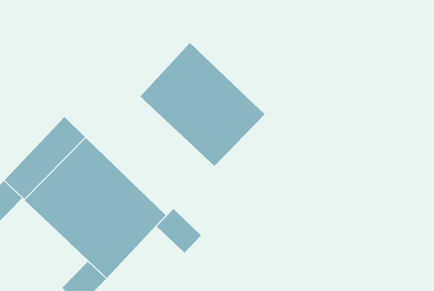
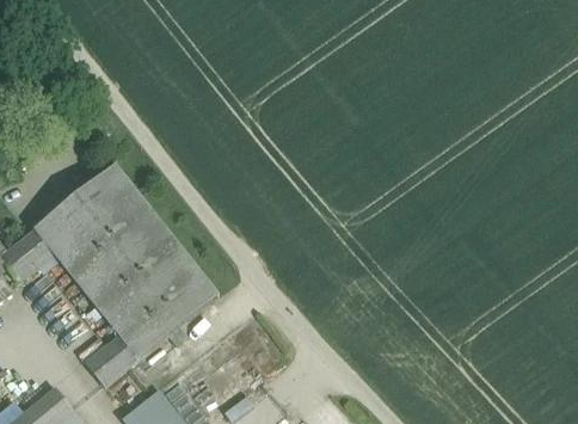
building: [140,42,266,167] -> none
building: [156,208,202,253] -> none

